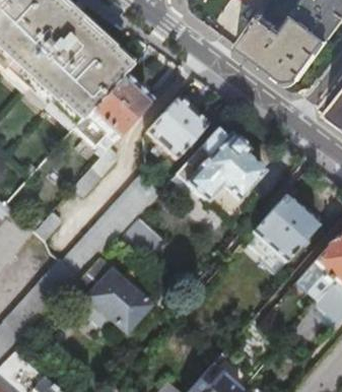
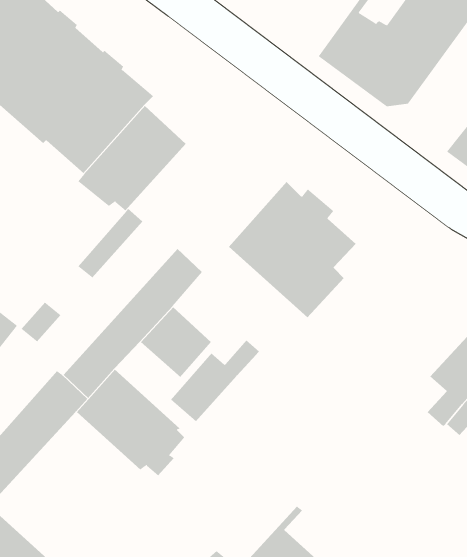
building: [146,99,207,159] -> none
building: [251,197,318,263] -> none
building: none -> [170,340,260,422]

